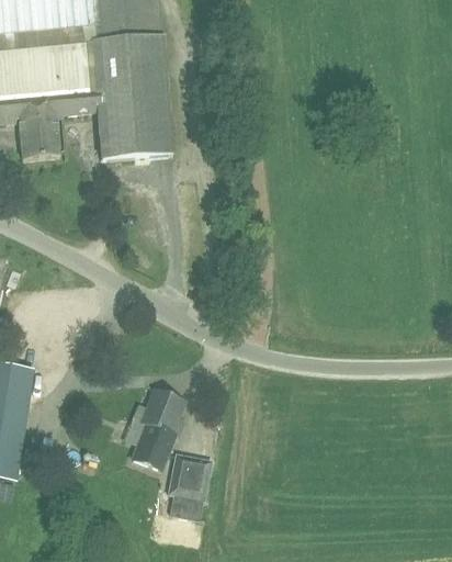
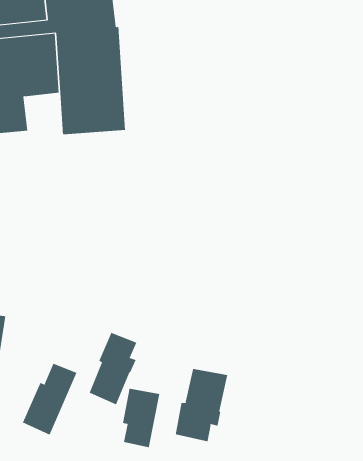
building: none -> [22,363,77,435]
building: none -> [175,368,228,442]

